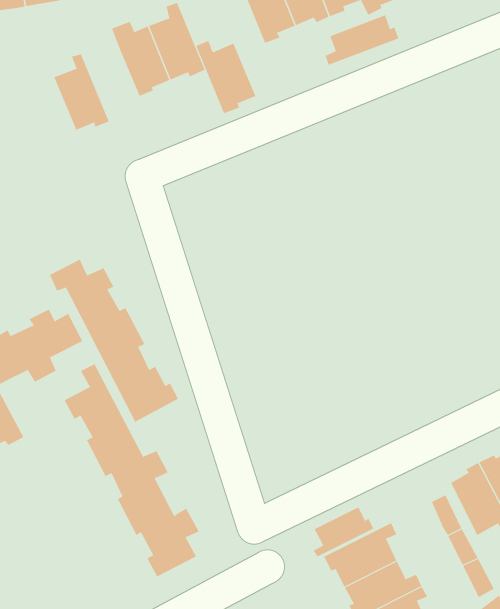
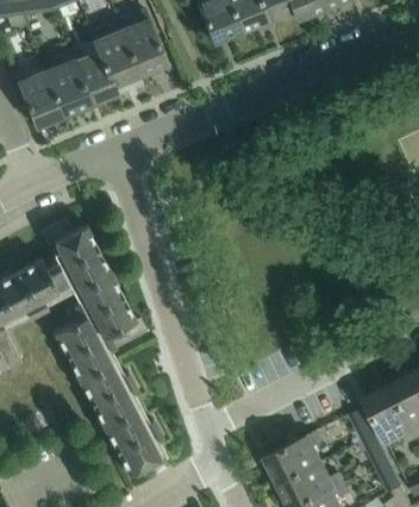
building: [325,14,399,65] -> none
building: [196,40,256,114] -> [67,49,115,108]
building: none -> [13,69,62,130]
building: [313,507,374,557] -> none

